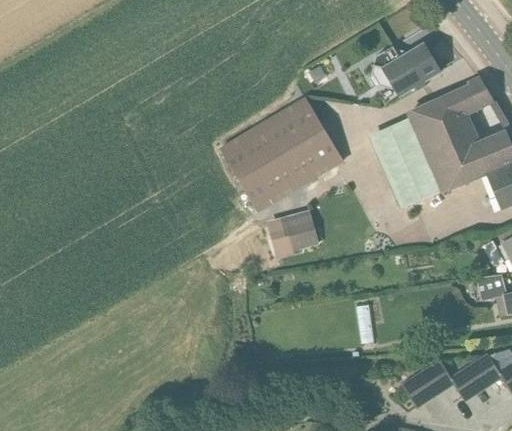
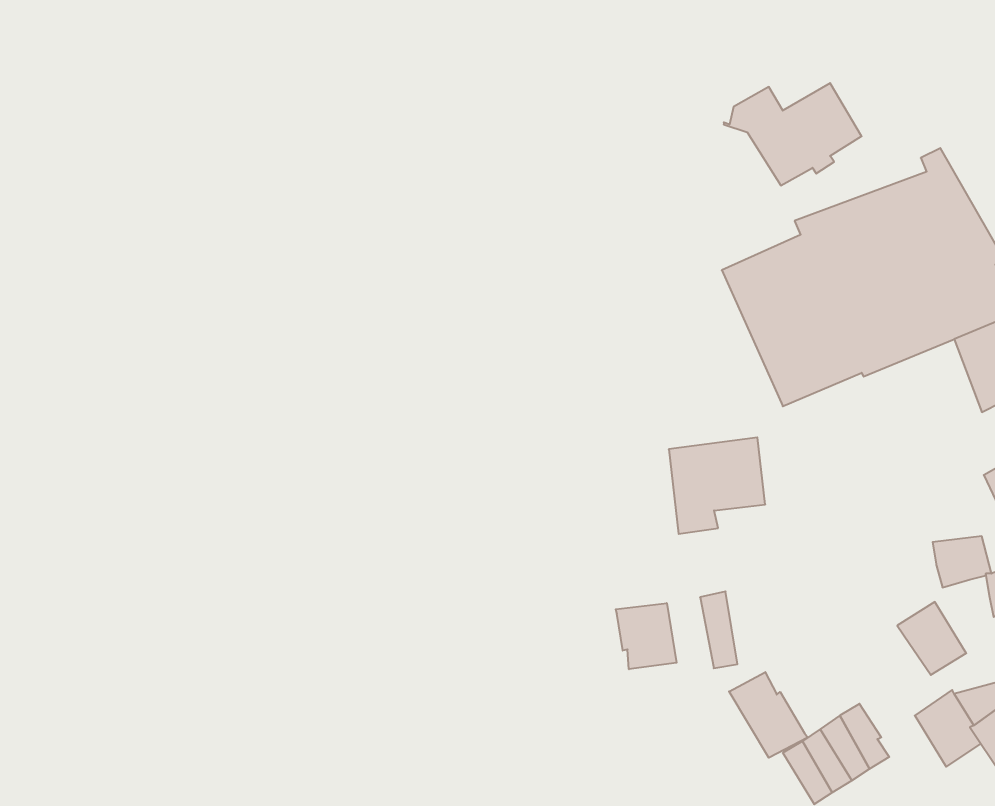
building: [219,96,344,212] -> none
building: [272,207,321,256] -> [669,437,765,534]
building: none -> [616,603,677,669]
building: none -> [729,672,808,758]
building: [448,364,483,401] -> [897,602,966,675]

